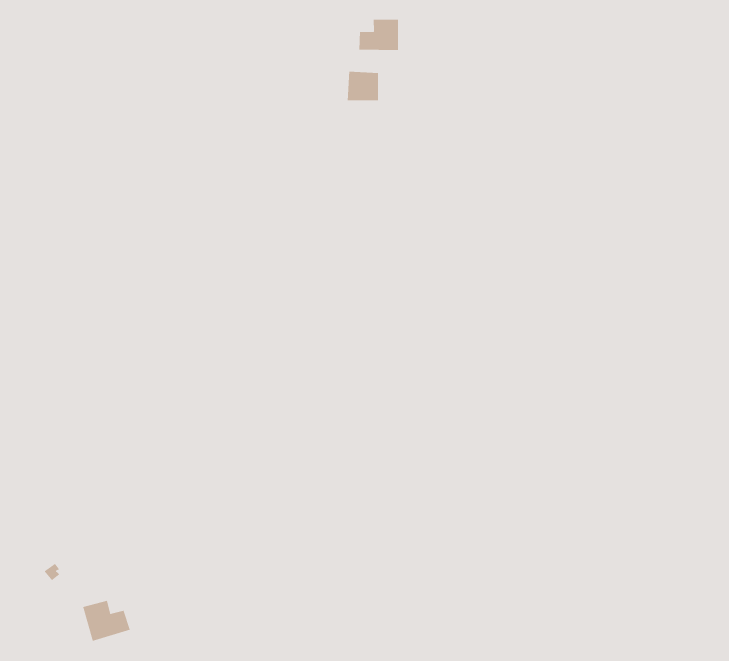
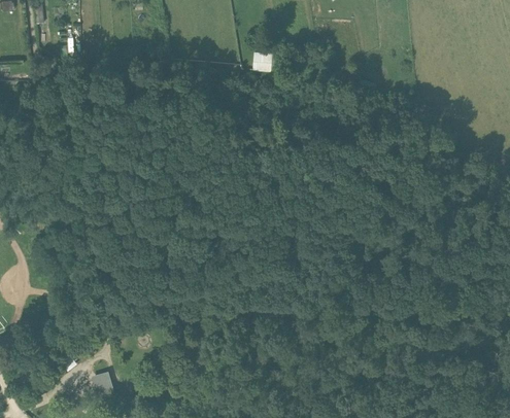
building: [358,19,399,51] -> none

